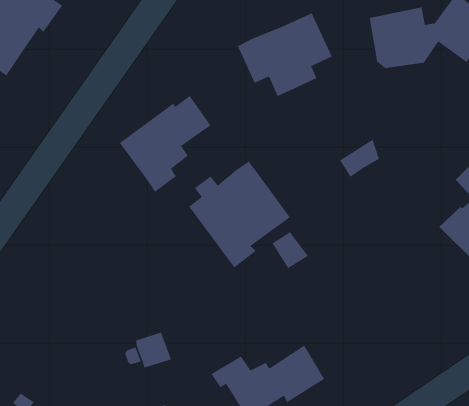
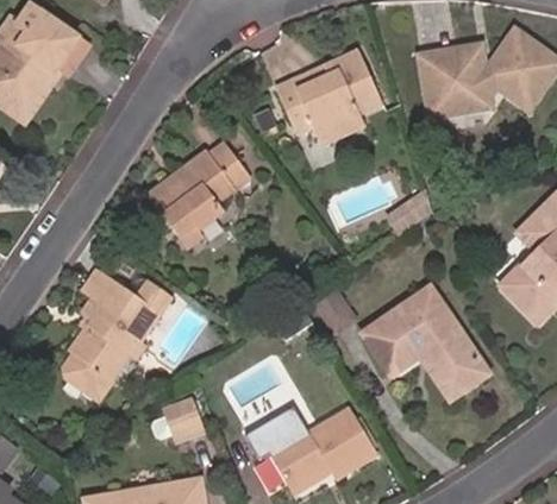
building: [188,160,291,269] -> none
building: none -> [65,270,171,402]
building: none -> [362,286,488,398]

